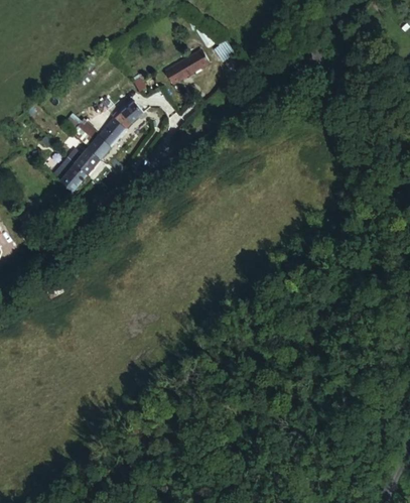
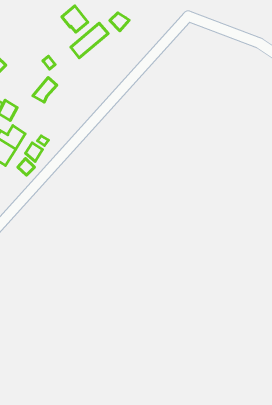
building: none -> [62,6,88,32]
building: [89,118,127,159] -> none

